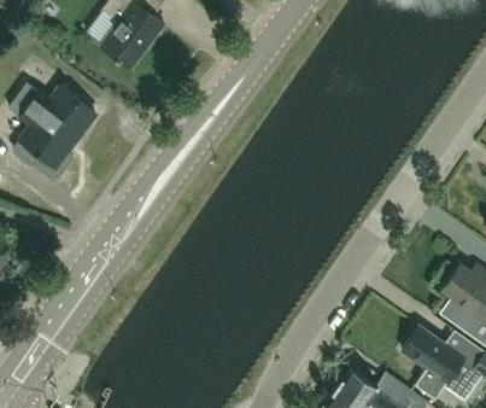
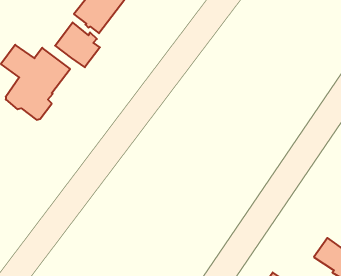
building: none -> [55,22,100,67]

